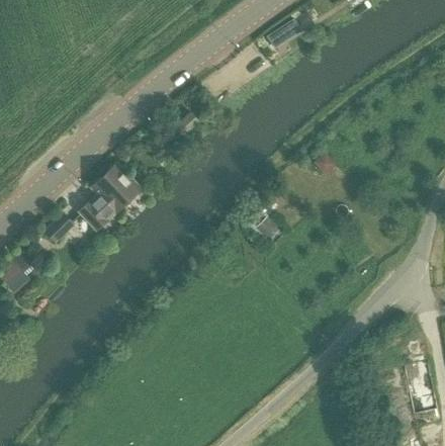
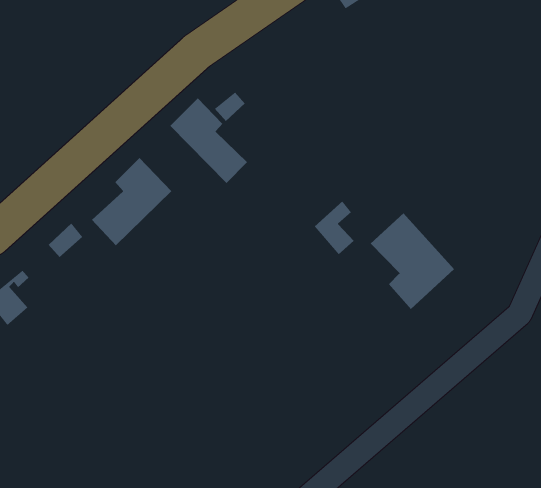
building: none -> [169,97,248,184]
building: none -> [370,212,455,310]

